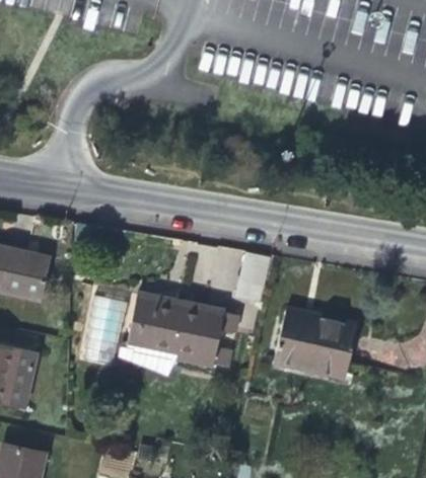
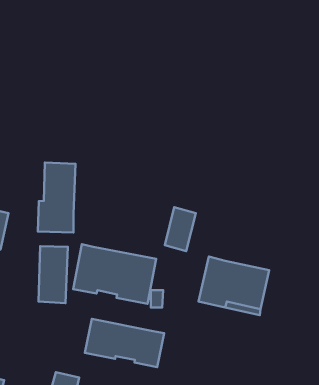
building: none -> [38,162,76,233]
building: none -> [85,319,164,367]

